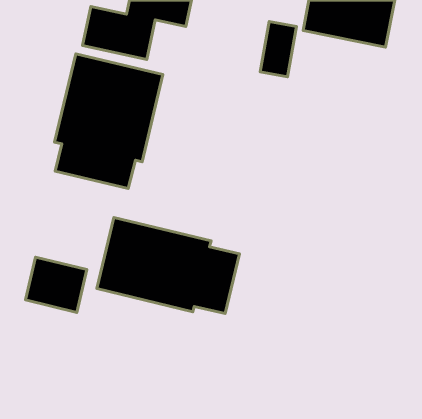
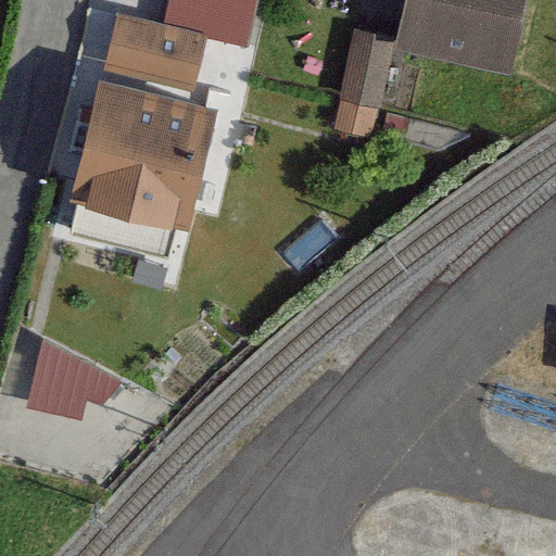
building: [97,218,240,313] -> none

